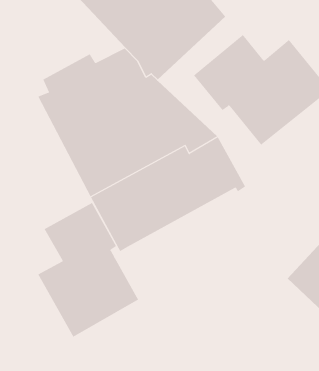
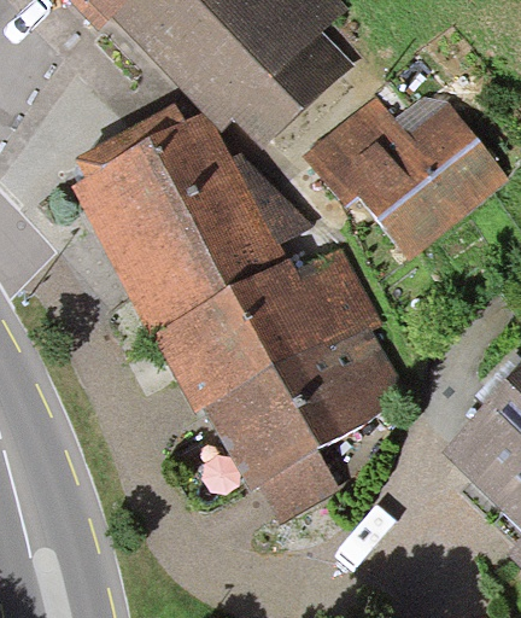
building: none -> [206,321,410,521]
building: [38,202,139,337] -> none

